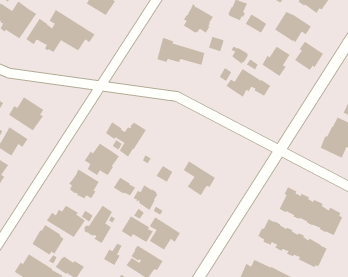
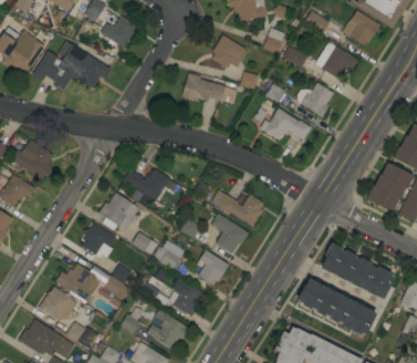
building: [294,41,324,71] -> none
building: none -> [211,189,264,227]
building: none -> [198,249,229,284]

